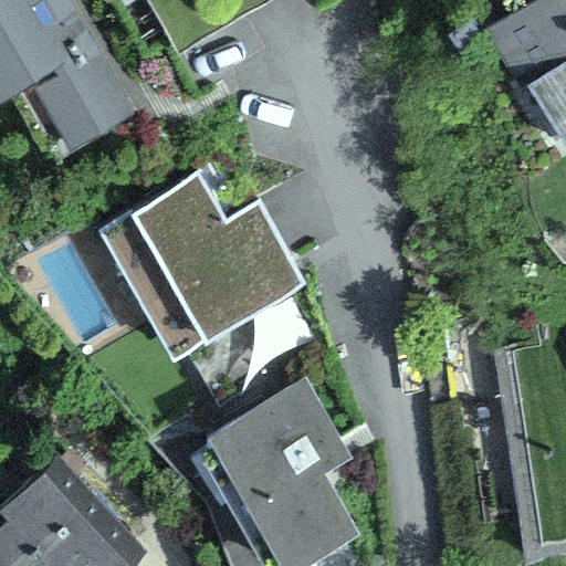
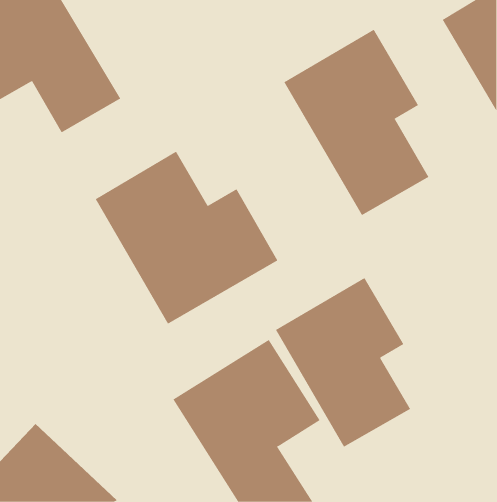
building: none -> [284,29,429,216]
building: none -> [275,277,411,447]

